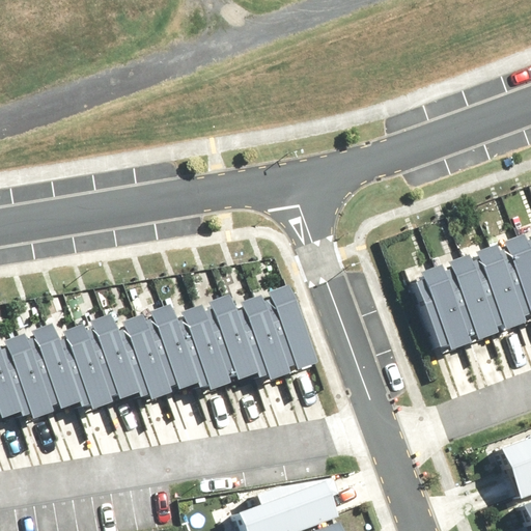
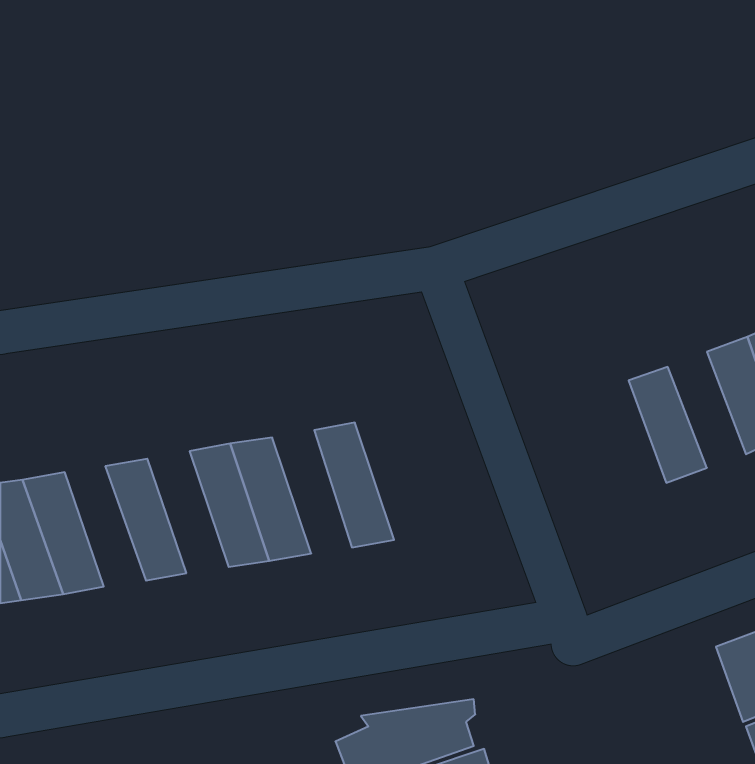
building: [470,246,524,326] -> none
building: [416,266,469,346] -> none
building: [254,290,309,375] -> none
building: [197,300,252,385] -> none
building: [111,314,167,398] -> none
building: [54,325,110,408] -> none

